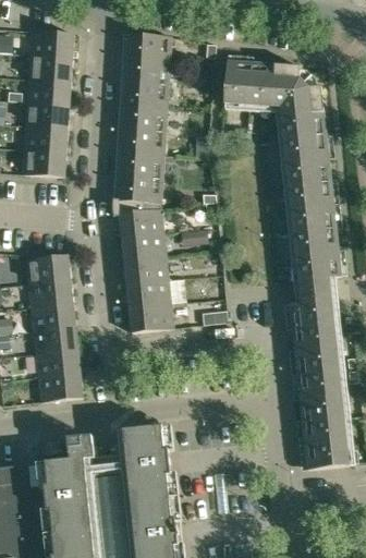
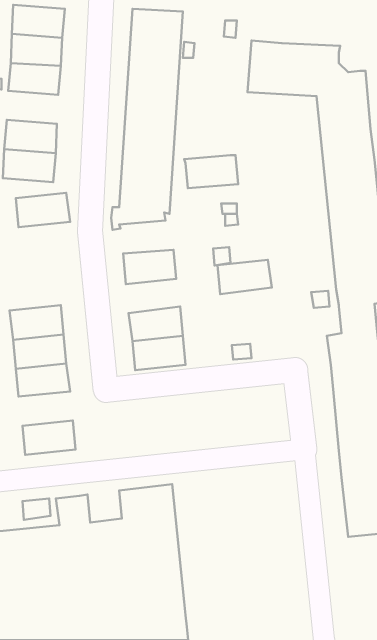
building: [26,102,69,130] -> none
building: [119,209,163,236] -> [184,155,238,188]
building: [26,255,71,283] -> [16,193,70,227]
building: [124,257,169,286] -> [218,260,272,294]
building: [36,350,81,378] -> none

